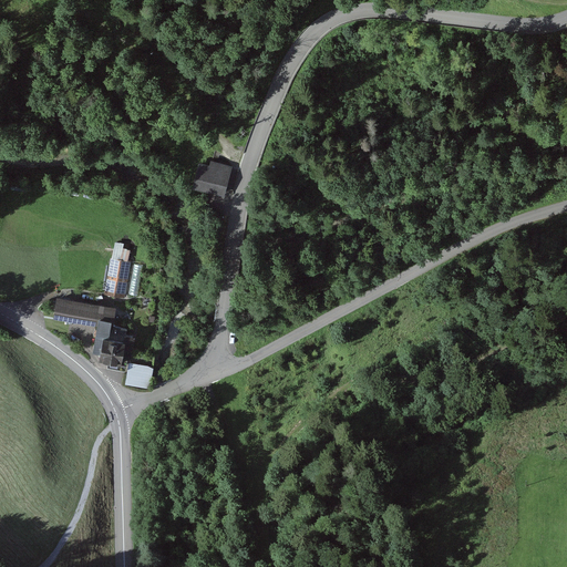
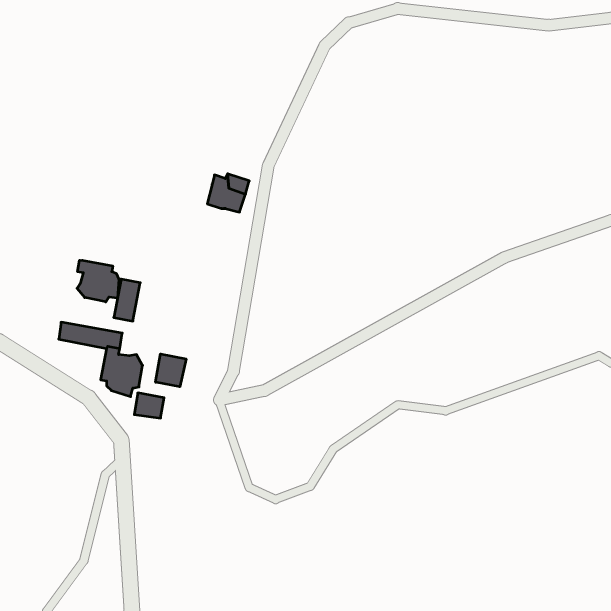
building: none -> [77,260,119,302]
building: none -> [156,354,186,387]

